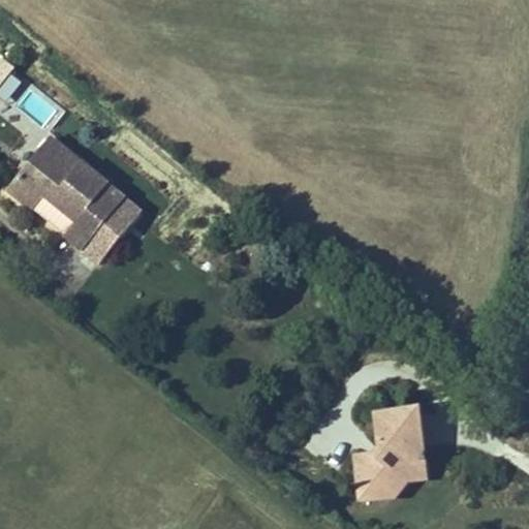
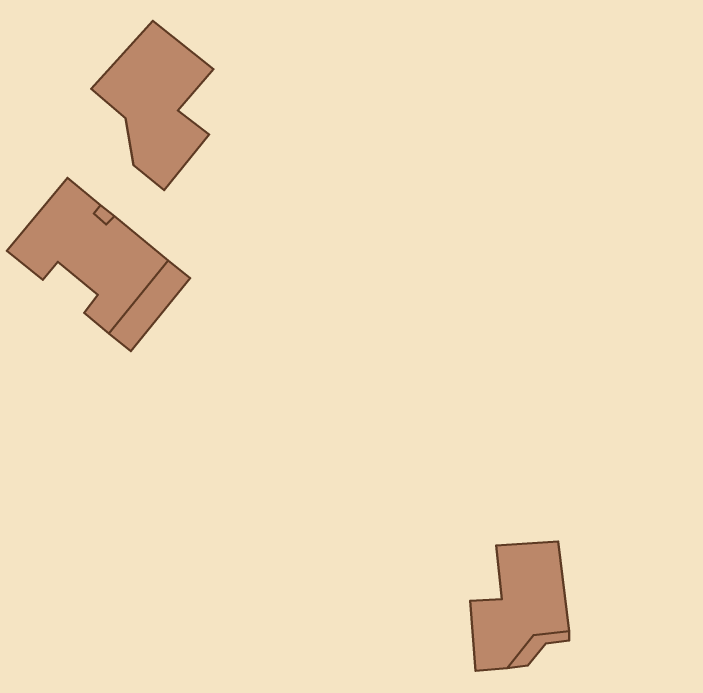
building: none -> [91,21,214,190]

